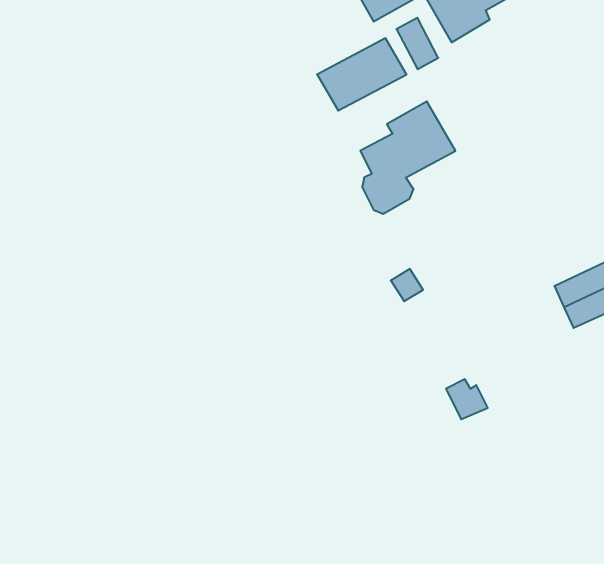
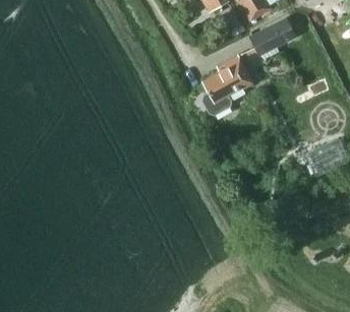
building: [317,38,407,111] -> [249,17,297,56]

